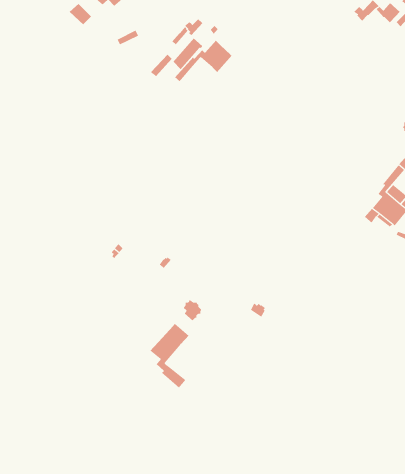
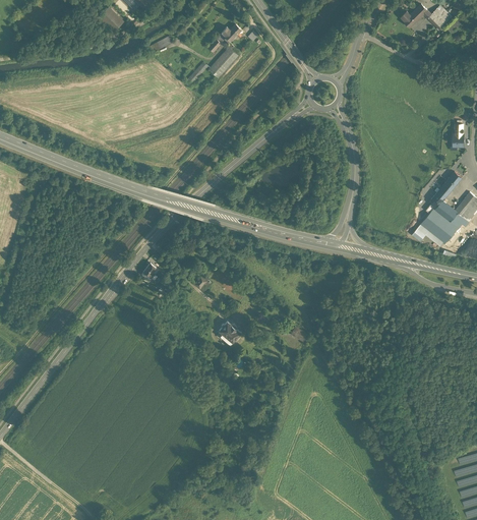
building: [174,40,233,82] -> none
building: [150,323,189,388] -> none

